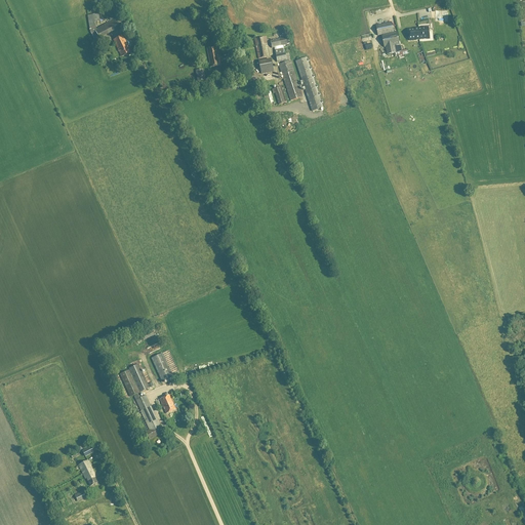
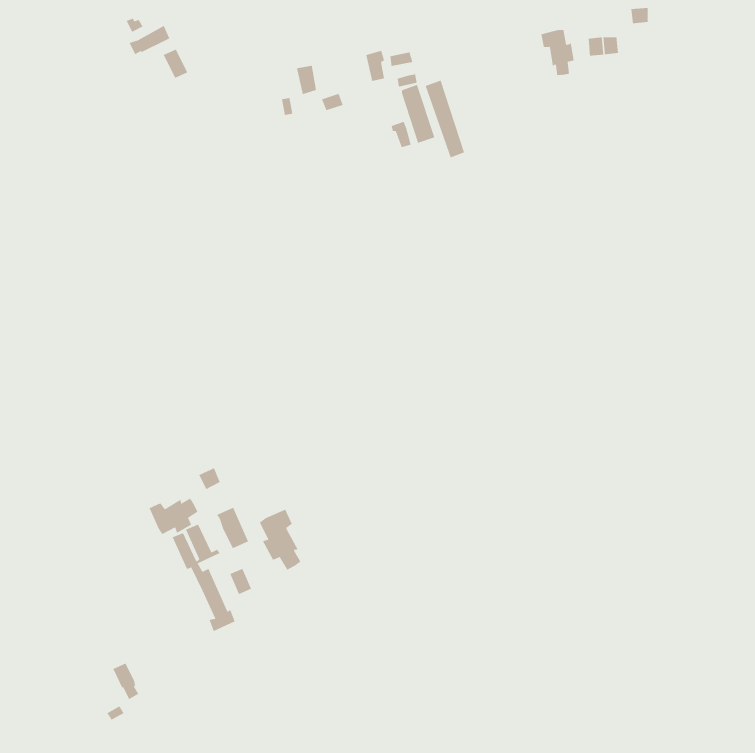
building: none -> [149,498,198,535]
building: none -> [259,509,301,570]

